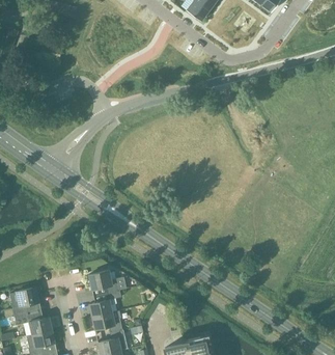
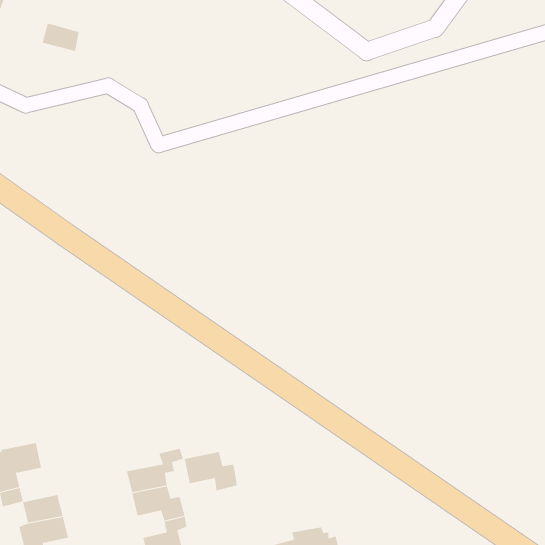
building: [88,271,119,294] -> [184,452,238,491]

